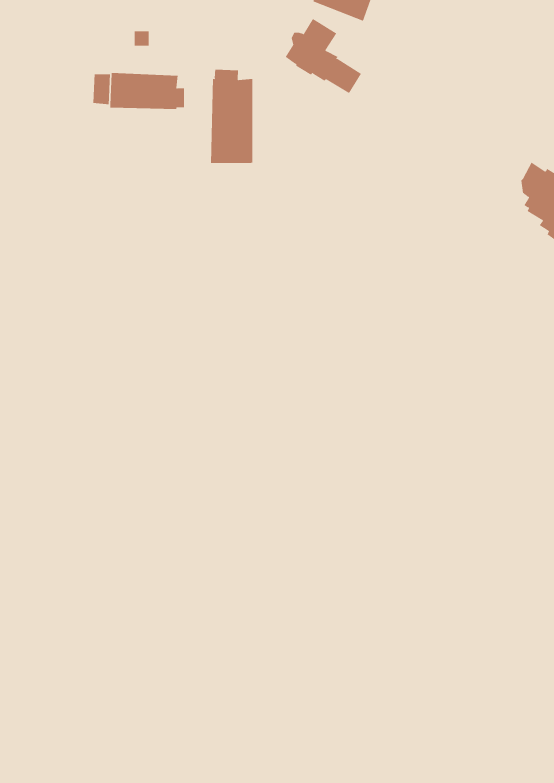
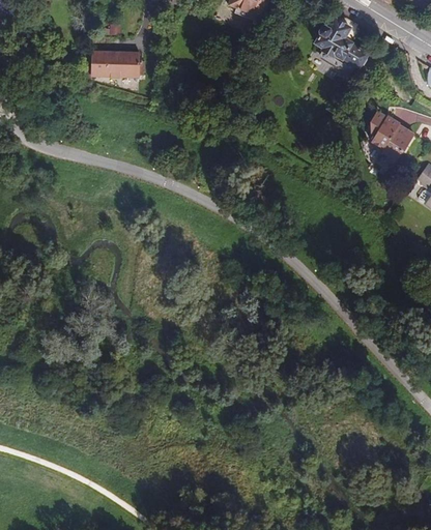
building: [285,18,362,94] -> [317,19,369,69]
building: [211,69,253,164] -> none

